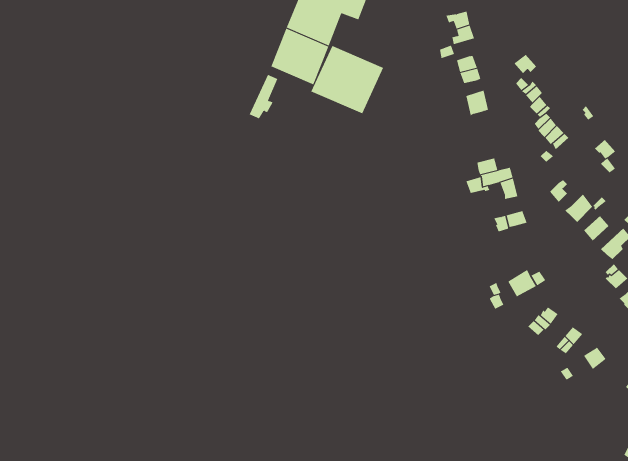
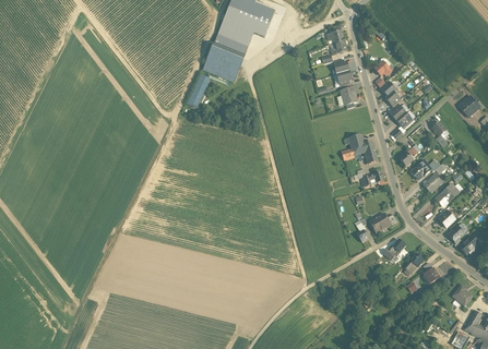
building: [311,45,384,114] -> none

